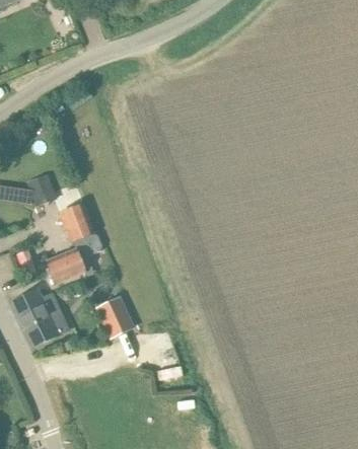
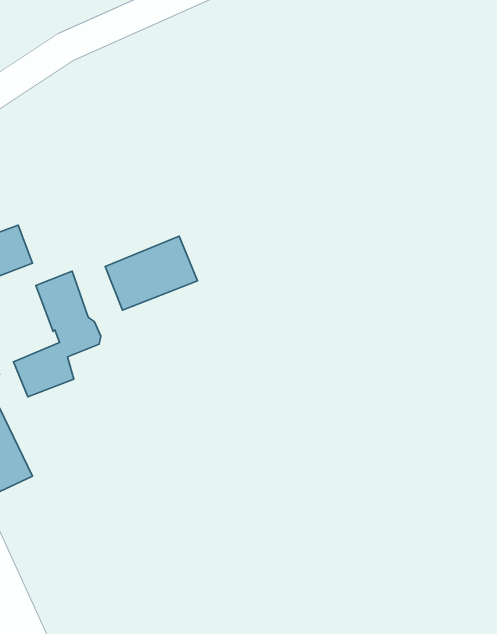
building: none -> [105,236,198,310]
building: [99,296,137,331] -> none

